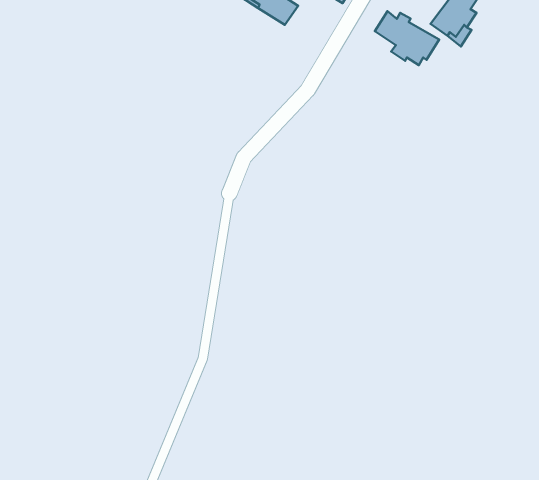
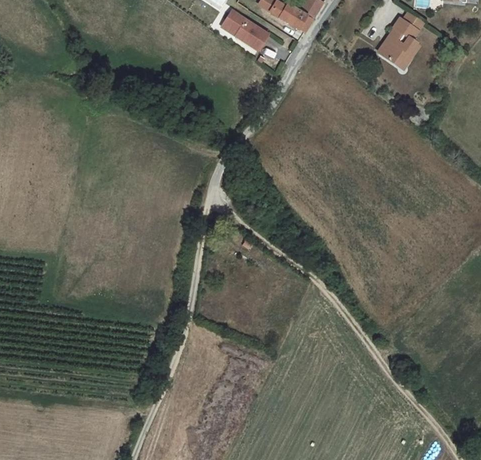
building: [375,11,439,65] -> none

